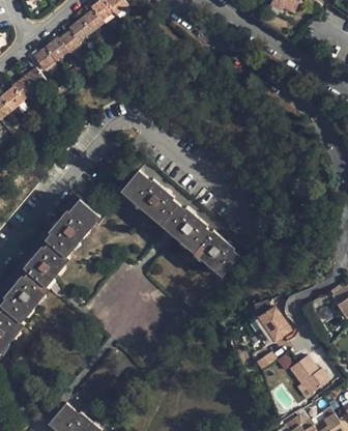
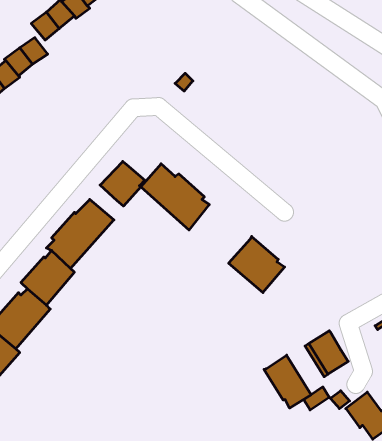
building: none -> [100,161,145,206]
building: [162,203,211,251] -> none
building: none -> [264,355,311,408]

